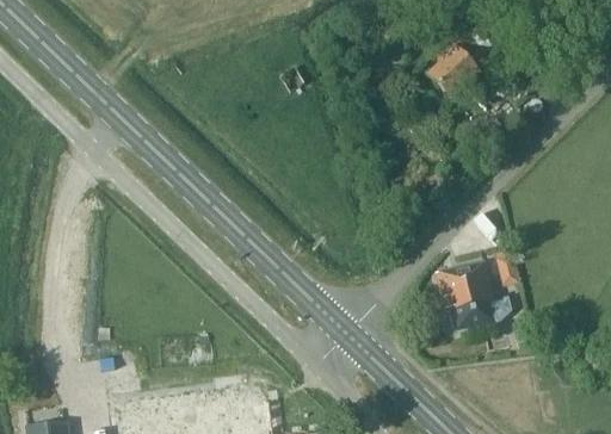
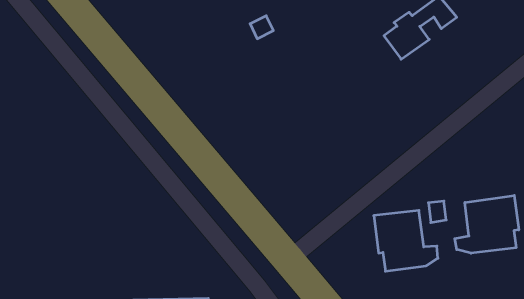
building: none -> [455,195,519,253]

